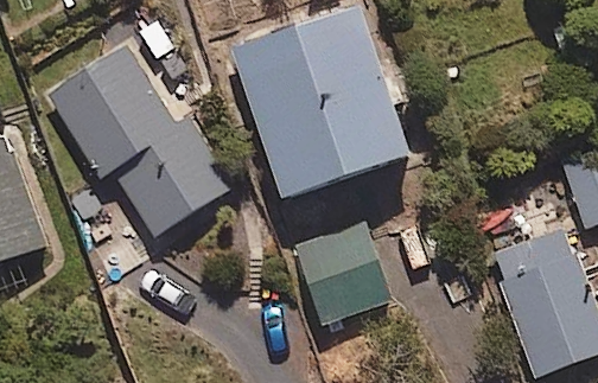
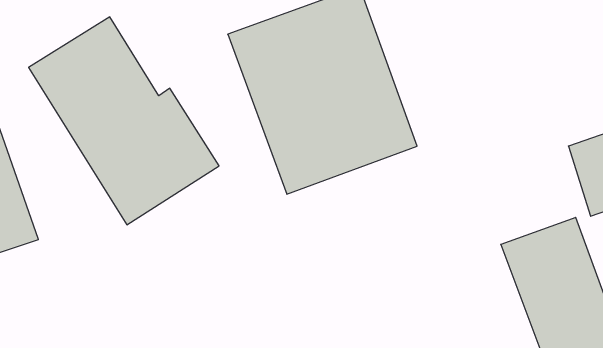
building: [292,218,390,325] -> none

